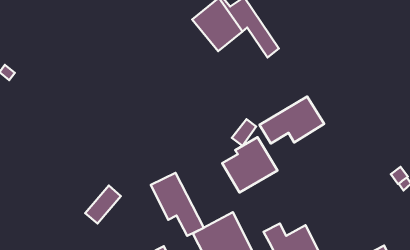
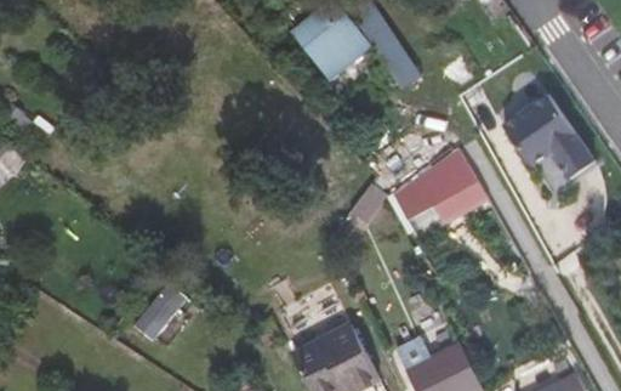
building: none -> [502,95,593,180]
building: [222,137,277,192] -> none
building: [151,173,204,236] -> none

